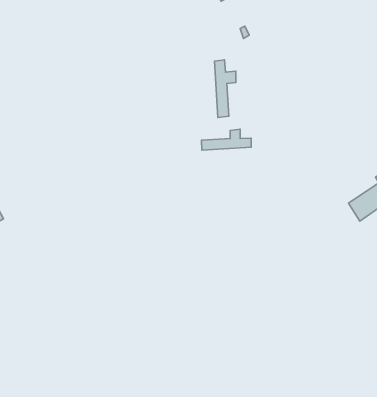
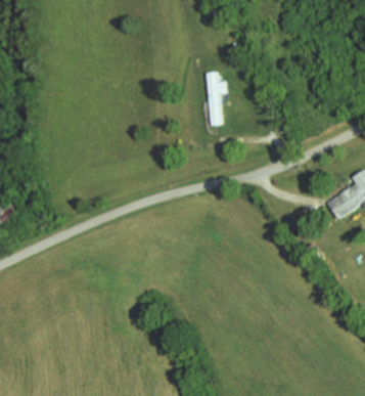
building: [202,129,251,150] -> none

